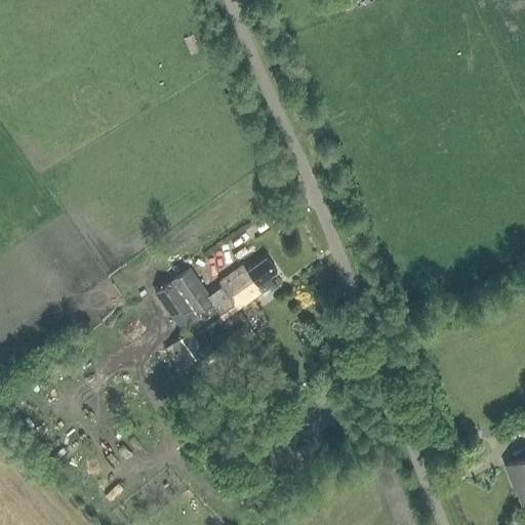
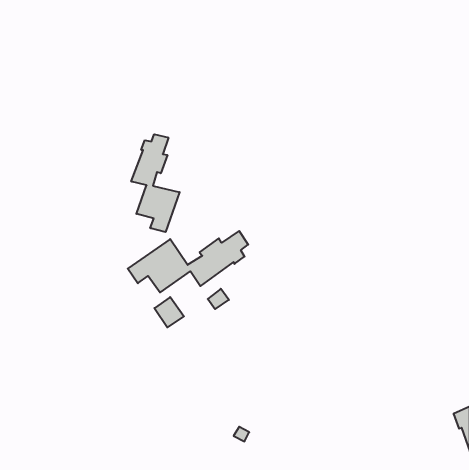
building: none -> [131,134,180,232]

